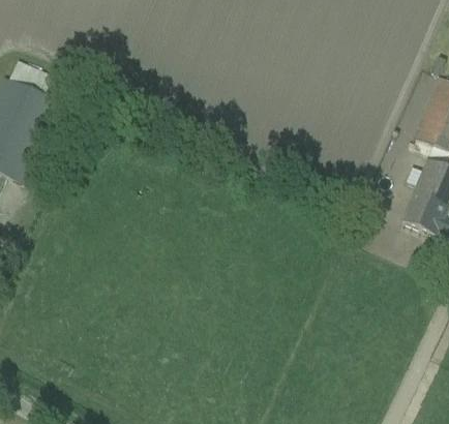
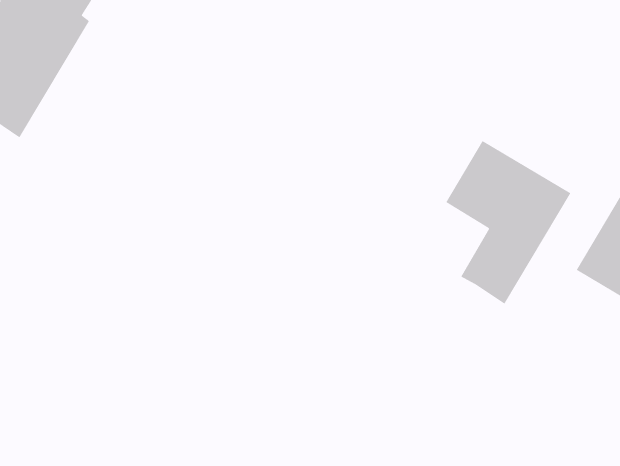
building: none -> [445,140,571,304]

